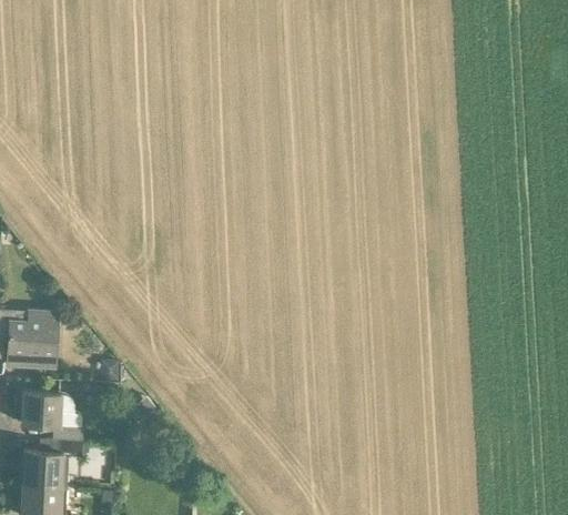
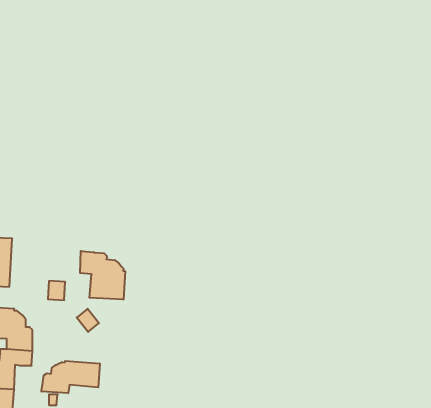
building: none -> [80,251,125,300]
building: none -> [41,361,100,393]

